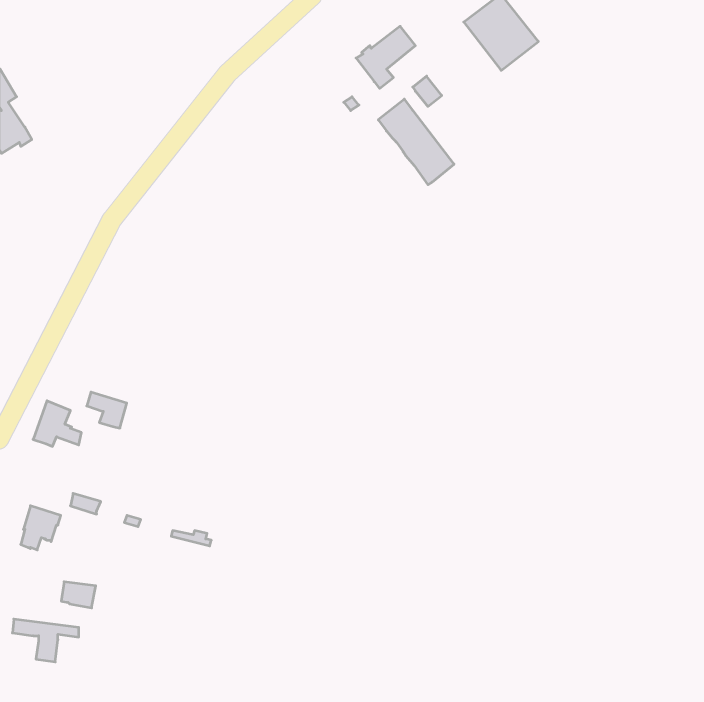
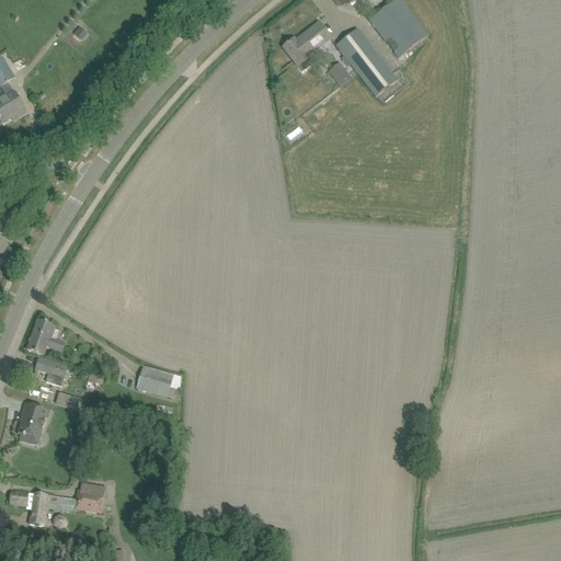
building: [378,99,454,185] -> [335,27,396,95]
building: [87,392,127,428] -> [35,356,67,385]
building: none -> [136,364,180,399]
building: [61,582,96,608] -> [77,492,104,513]

